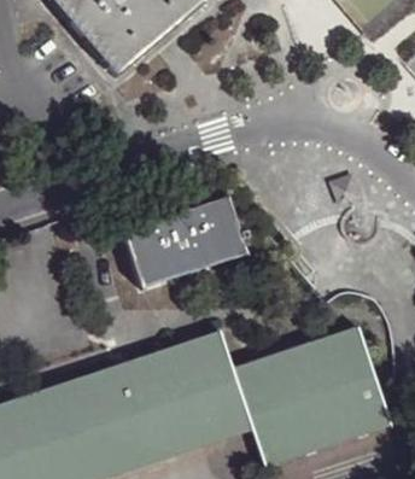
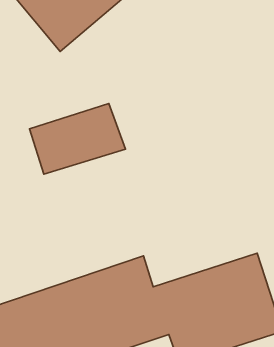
building: [123,199,242,287] -> [29,104,125,174]

